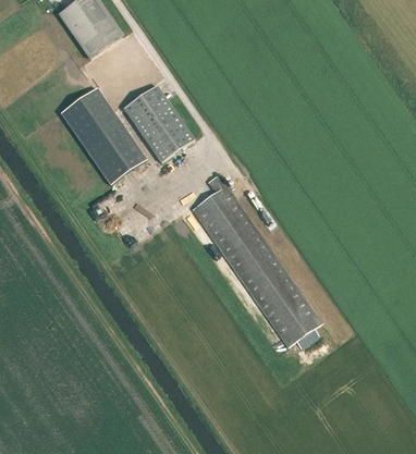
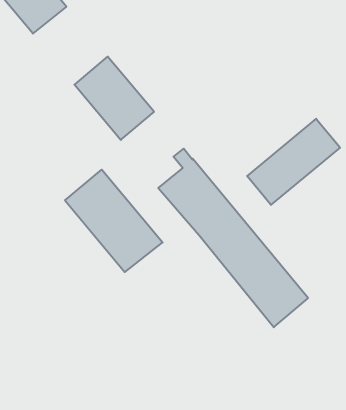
building: [60,88,146,184] -> [65,170,163,272]
building: none -> [247,119,340,205]

